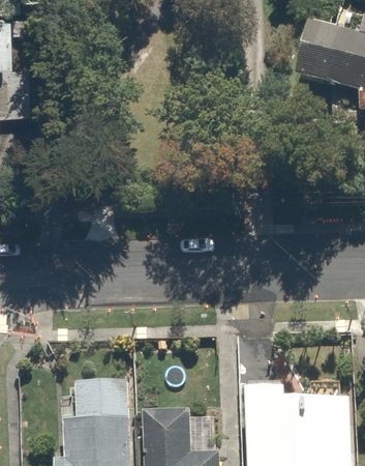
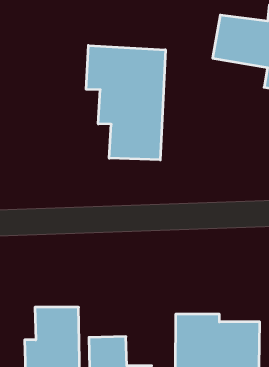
building: none -> [86,45,165,160]

